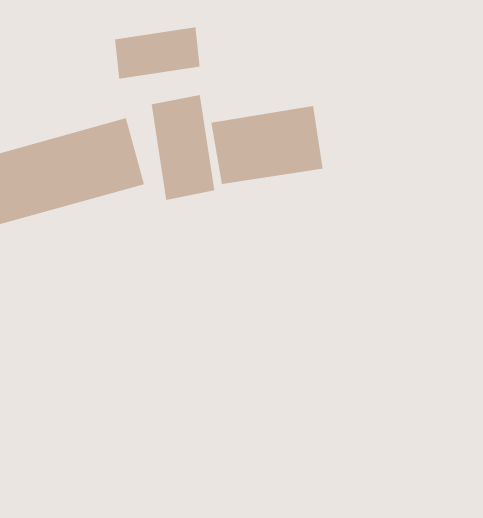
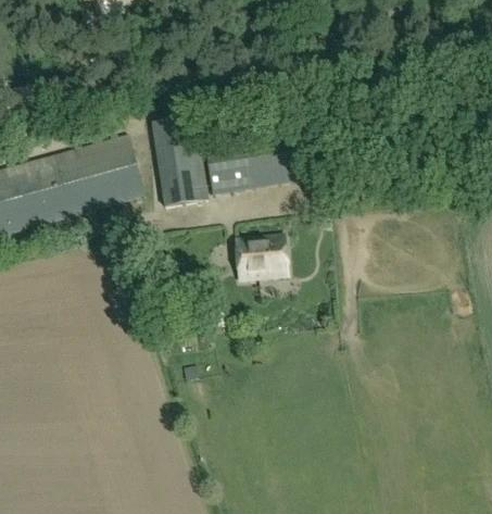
building: [114,27,200,80] -> none
building: none -> [235,235,288,280]

